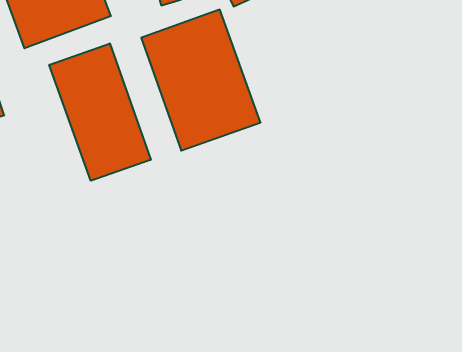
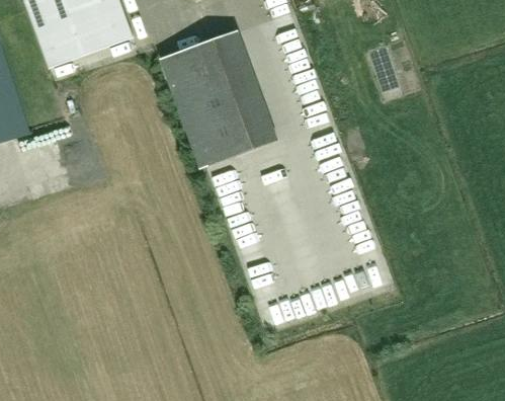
building: [49,43,151,181] -> none

